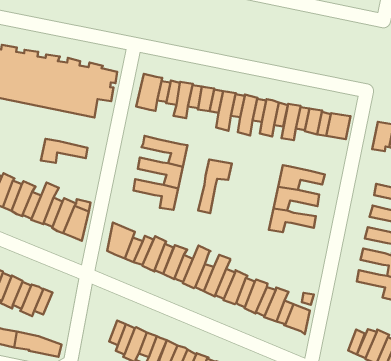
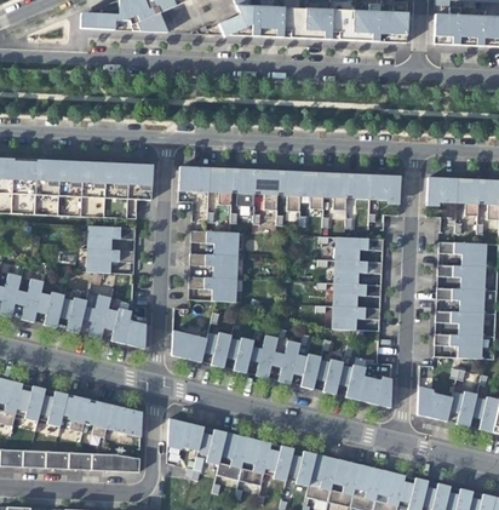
building: none -> [90,227,136,250]
building: [198,160,232,213] -> none
building: none -> [334,306,380,330]
building: none -> [116,407,142,437]
building: none -> [168,418,195,448]
building: none -> [417,389,442,419]

